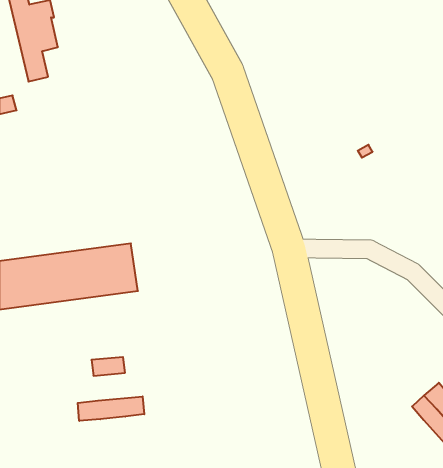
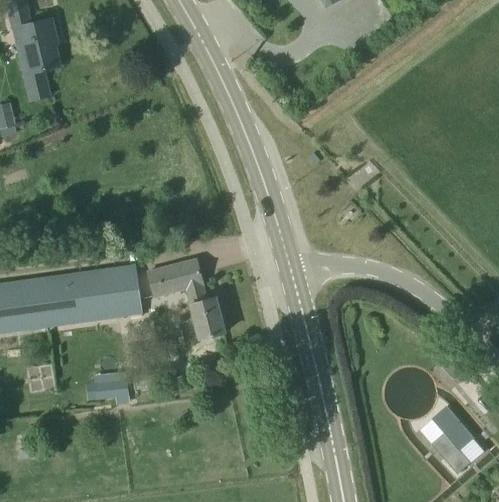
building: none -> [148,259,224,342]
building: [78,396,144,421] -> none

